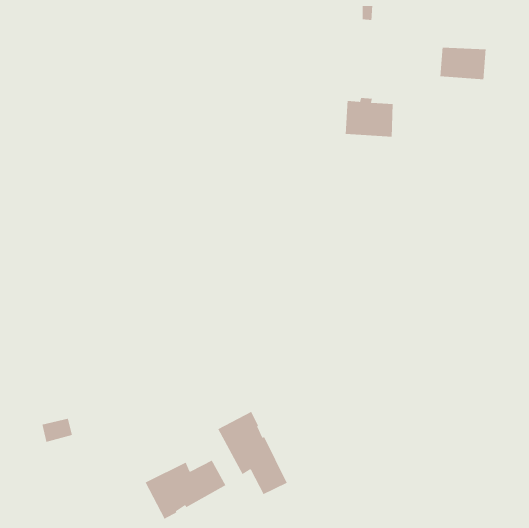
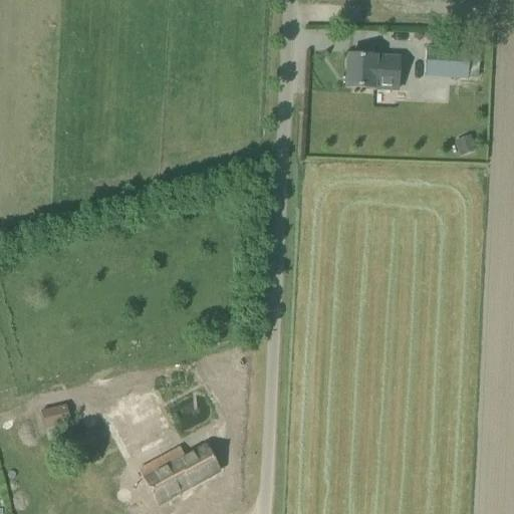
building: [345,97,394,138] -> [347,50,395,89]
building: [217,411,288,495] -> none

